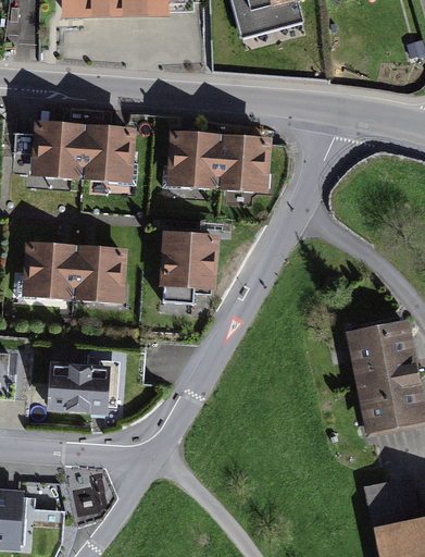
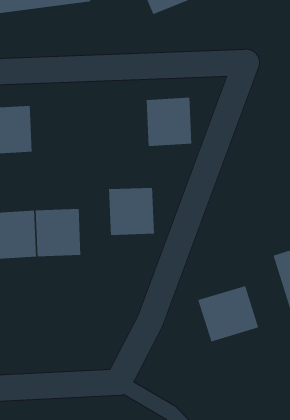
building: [84,125,139,183] -> none
building: [165,131,221,189] -> none
building: [45,361,112,411] -> none
building: none -> [197,285,259,342]

